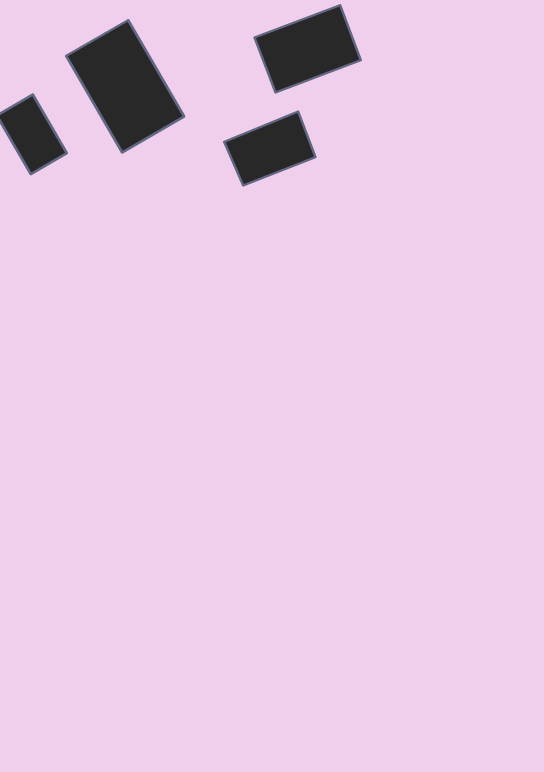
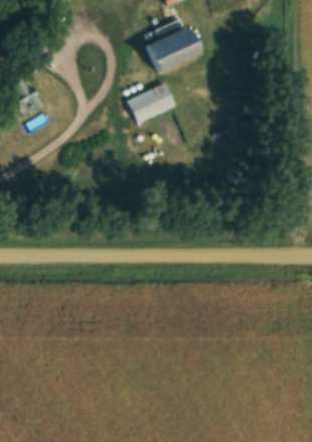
building: [66,20,184,152] -> none

